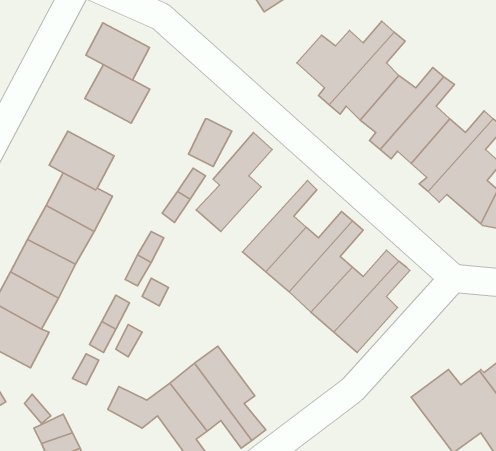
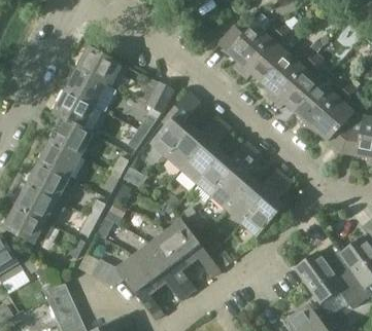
building: [86,23,149,80] -> [65,69,107,107]
building: none -> [167,116,225,171]
building: none -> [165,220,221,277]

